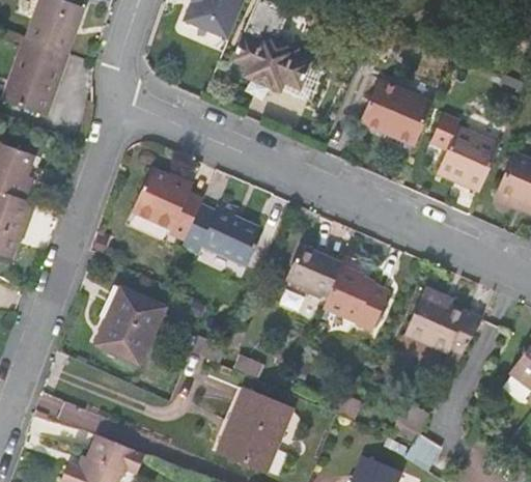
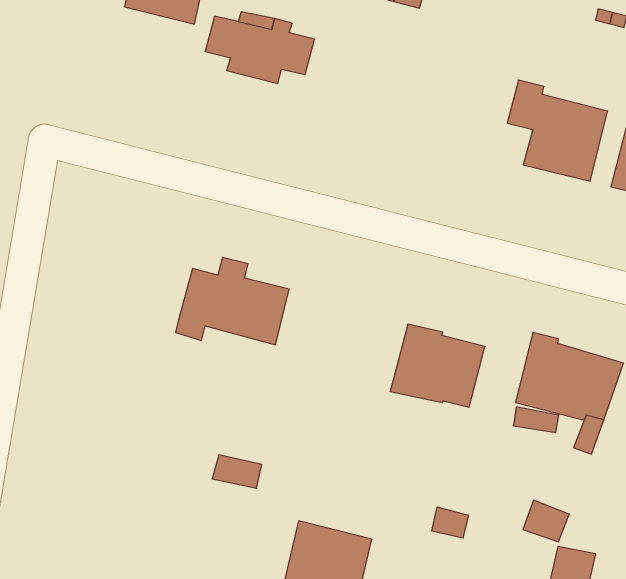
building: [362,79,434,145] -> none
building: [132,168,203,239] -> none
building: [284,246,342,300] -> none
building: [93,289,166,368] -> none

